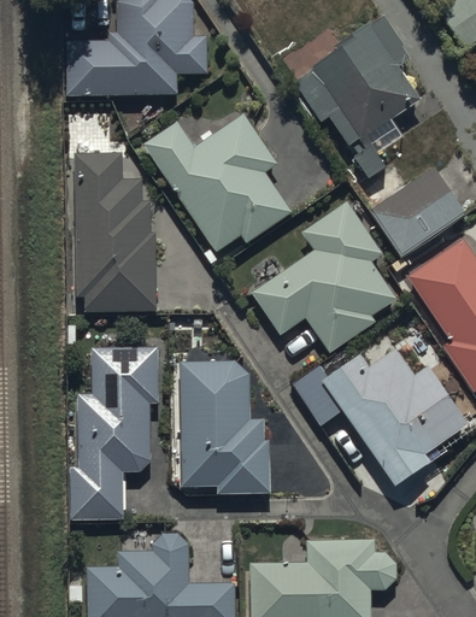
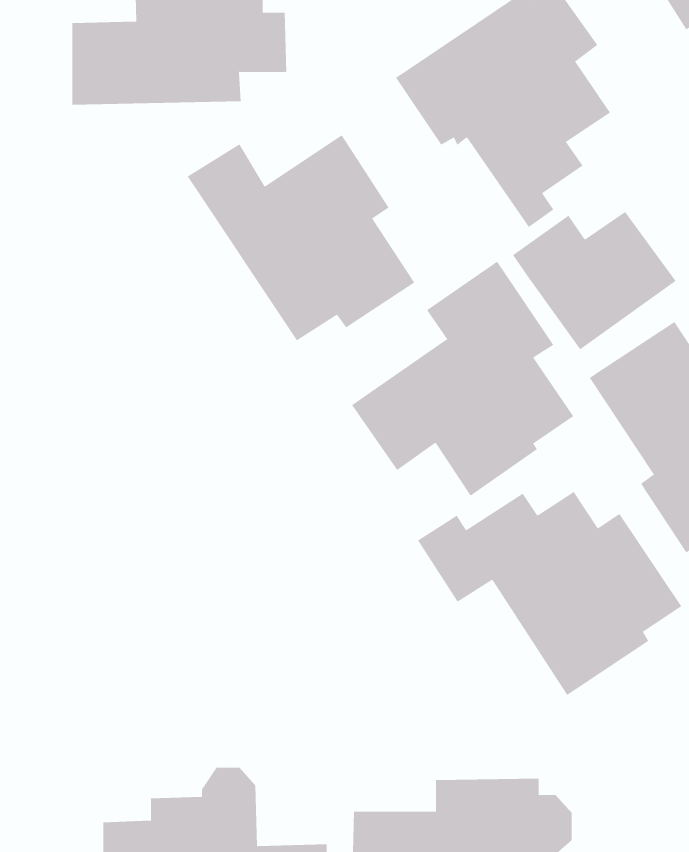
building: [70,153,155,312] -> none
building: [67,348,159,521] -> none
building: [180,360,269,494] -> none

